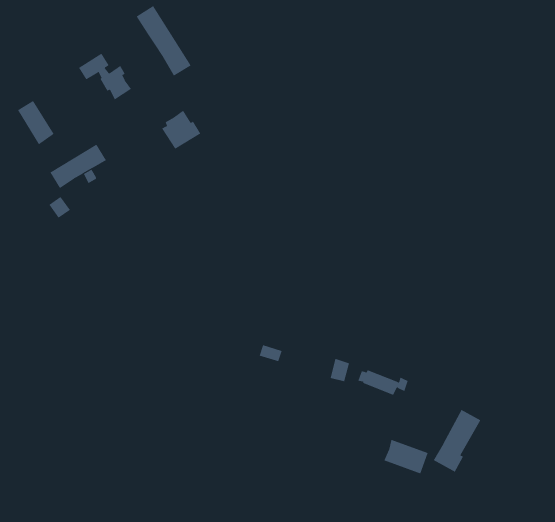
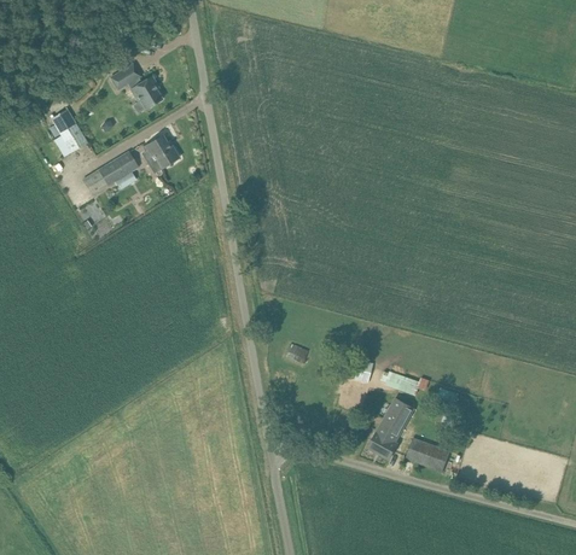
building: [136,5,191,77] -> none
building: [161,110,201,150] -> [140,134,179,173]
building: [433,409,481,473] -> [367,397,414,458]

